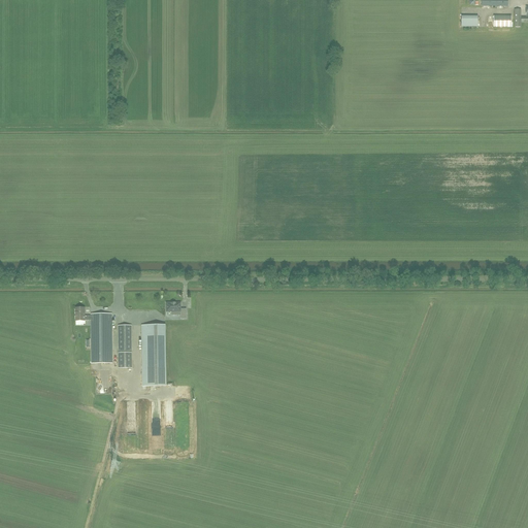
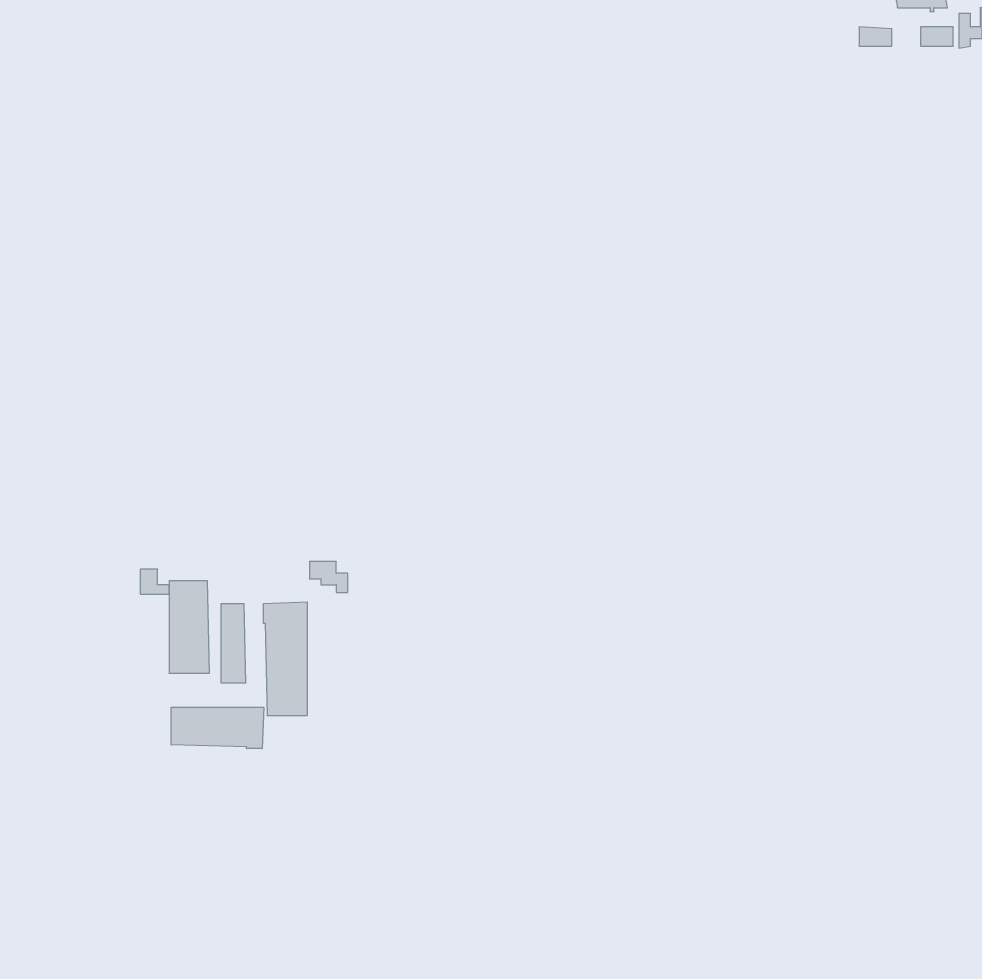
building: none -> [171,707,264,749]

